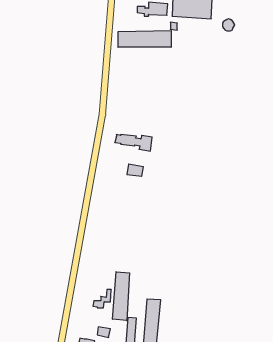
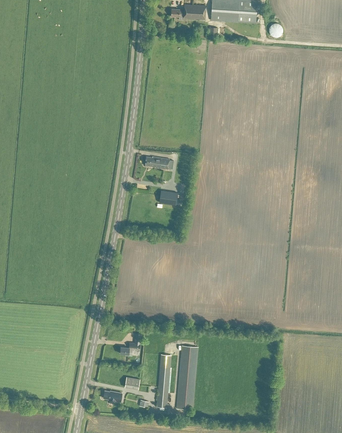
building: [118,31,171,47] -> none
building: [113,272,129,321] -> none

